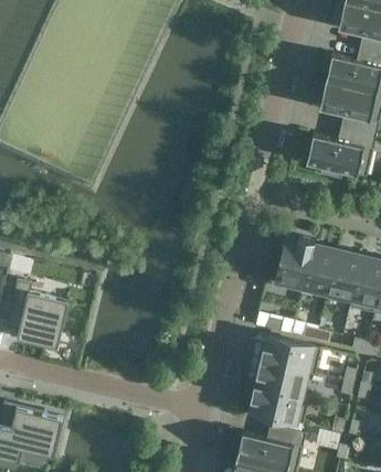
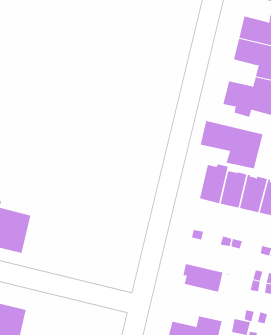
building: none -> [200,120,263,169]
building: [260,336,321,374] -> none
building: [251,385,309,423] -> none

